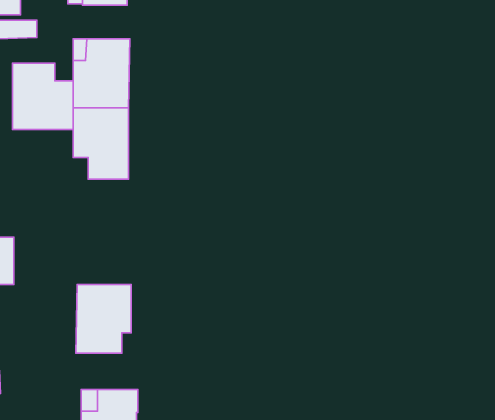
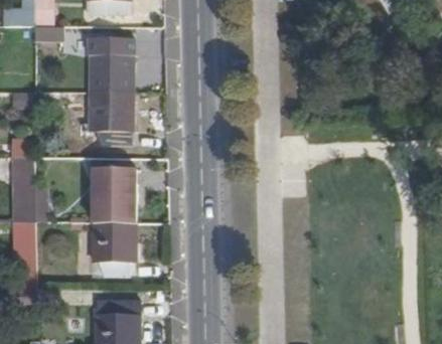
building: [12,63,73,129] -> none
building: none -> [94,171,136,223]

